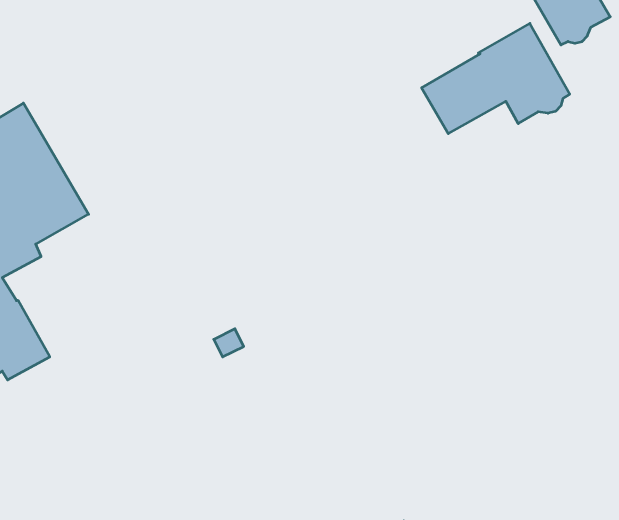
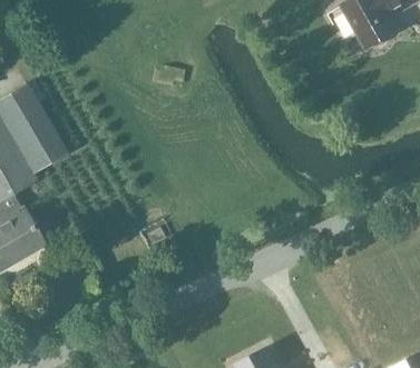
building: [422,23,570,134] -> none

